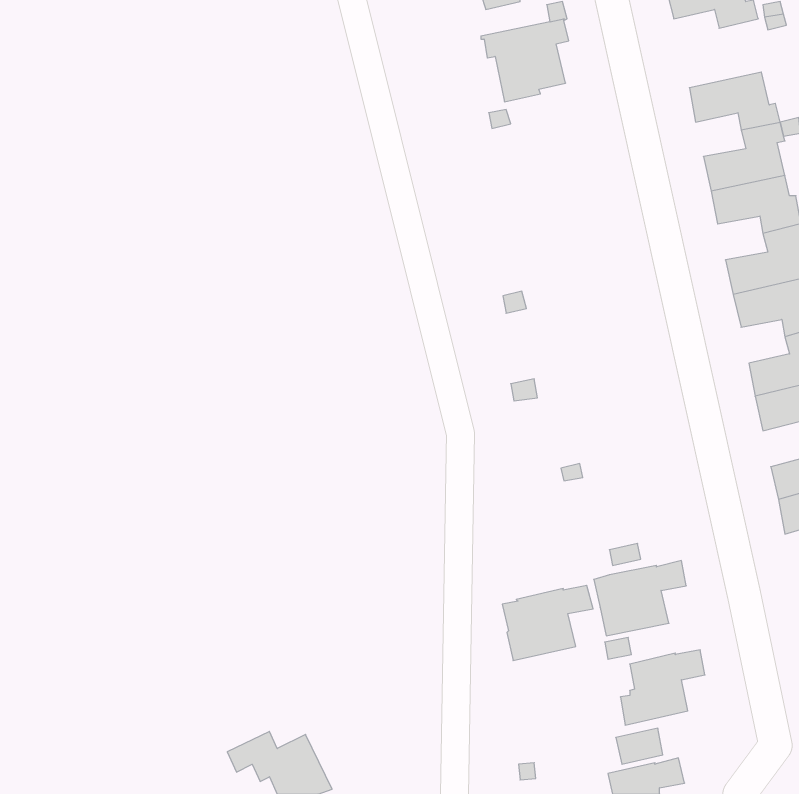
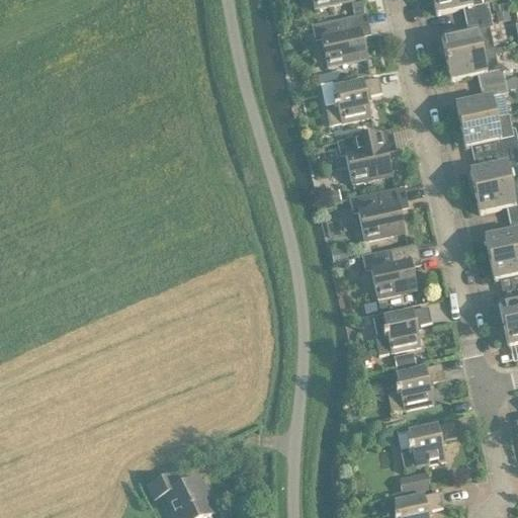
building: none -> [441,12,493,57]
building: none -> [327,76,382,124]
building: none -> [338,128,394,182]
building: none -> [350,185,406,239]
building: none -> [362,243,418,296]
building: [502,585,593,661] -> [373,306,432,354]

